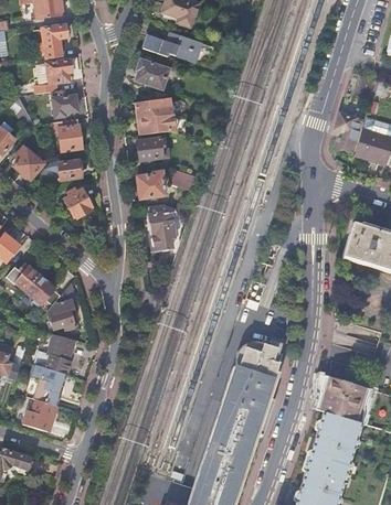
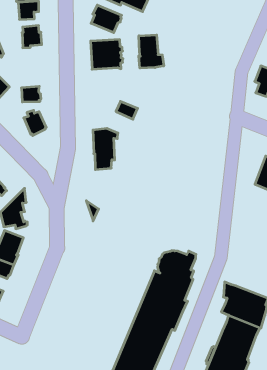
building: none -> [139,35,164,68]
building: [59,119,83,151] -> none
building: [138,138,163,160] -> none
building: [137,171,165,198] -> none

